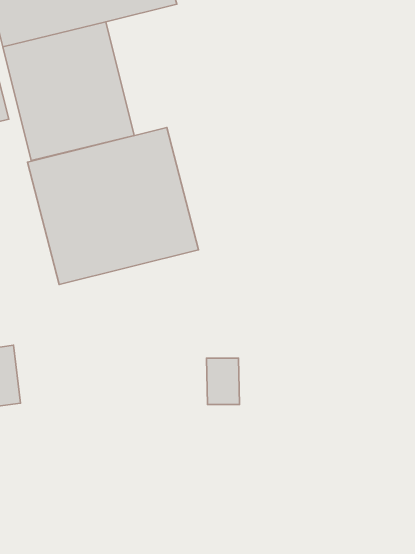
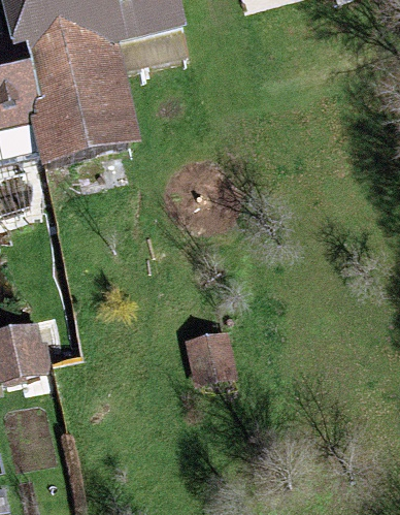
building: [28,127,199,285] -> none

